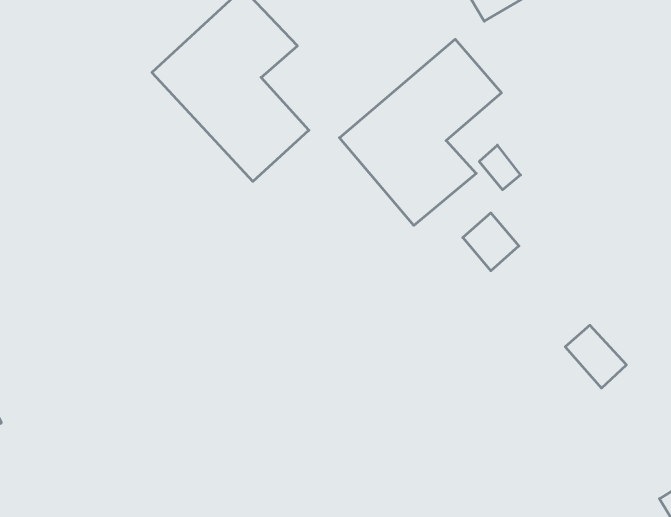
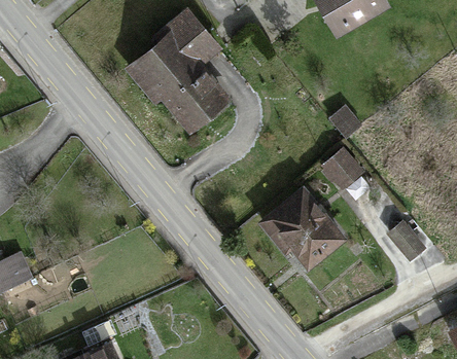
building: [339,39,501,225] -> none
building: none -> [257,185,341,263]

